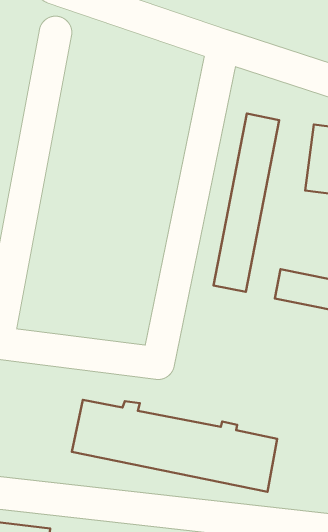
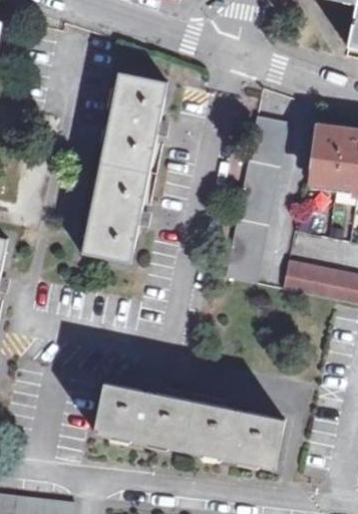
building: none -> [81,71,168,263]

